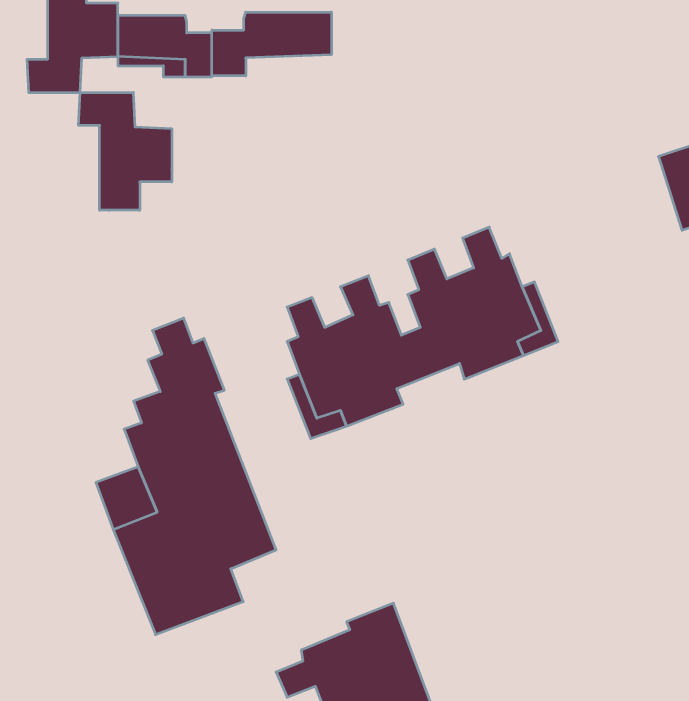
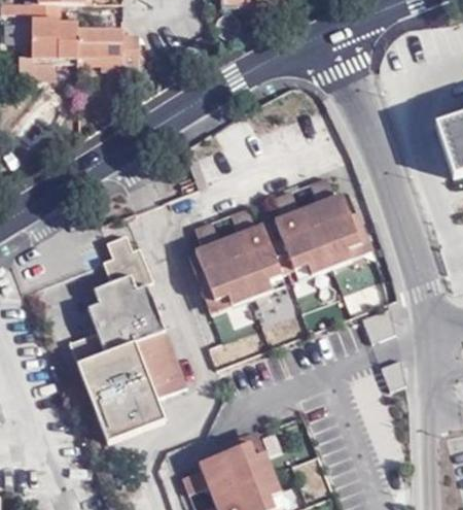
building: [212,12,331,76] -> none
building: [79,92,172,210] -> none

